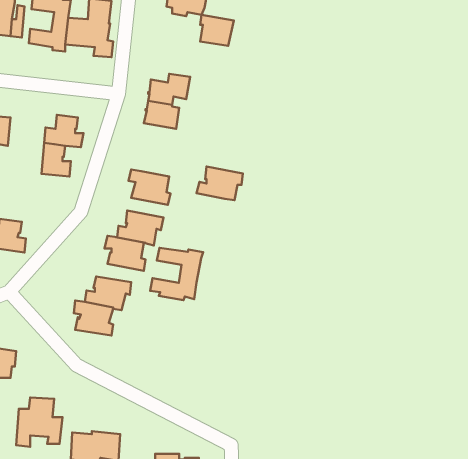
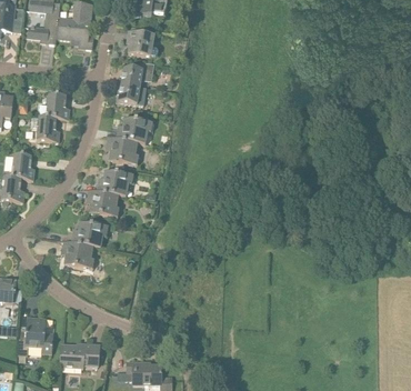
building: [200,15,234,46] -> [128,31,154,56]
building: [197,166,243,200] -> [116,117,152,143]
building: none -> [11,153,34,180]
building: [150,248,203,300] -> none

